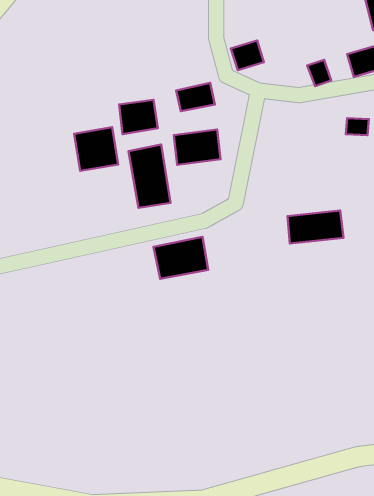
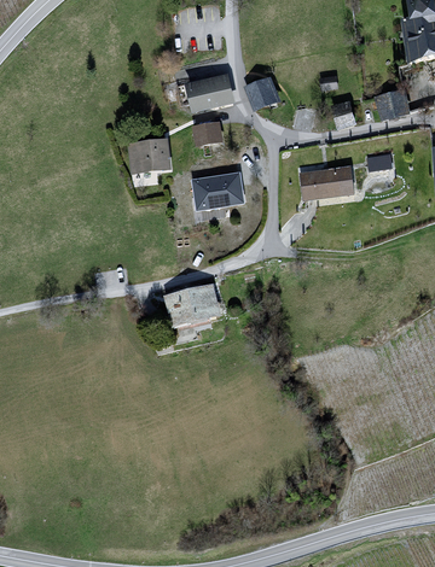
building: none -> [176,77,225,113]
building: [74,127,118,171] -> none
building: [128,145,171,208] -> none
building: [288,210,343,243] -> [302,162,361,197]

